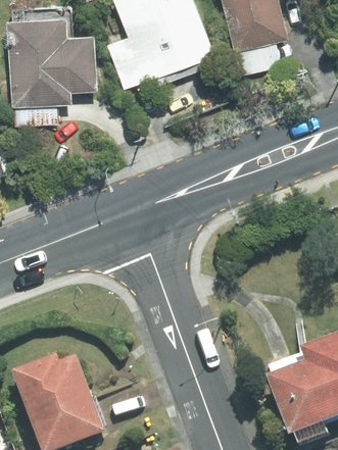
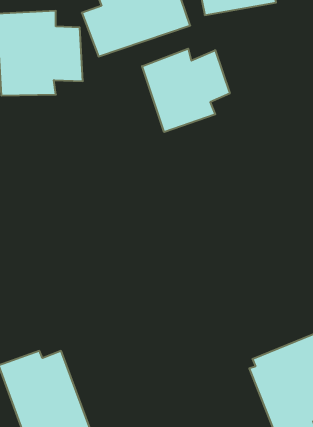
building: none -> [142,49,230,132]

